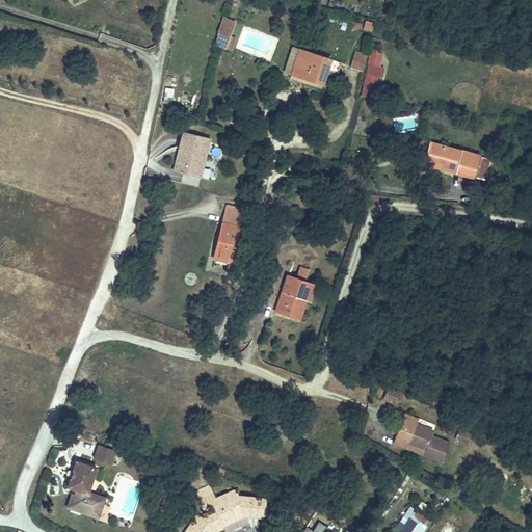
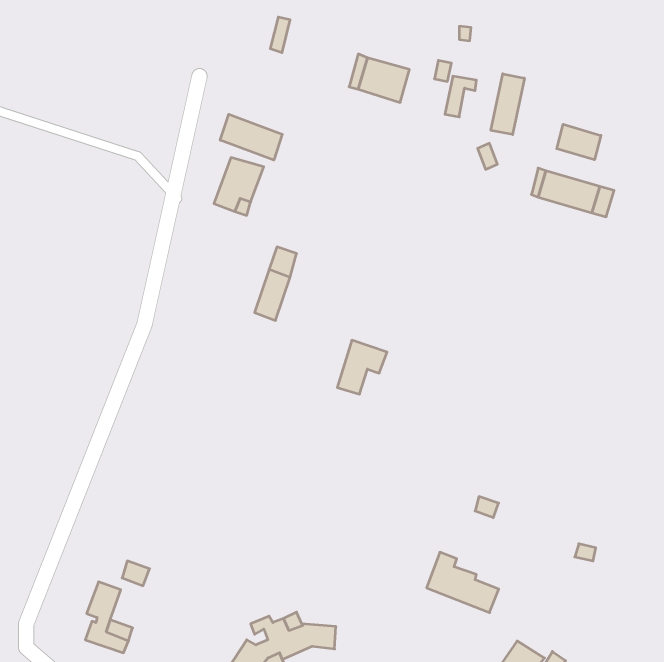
building: none -> [491,74,524,135]
building: none -> [220,114,282,160]
building: none -> [557,124,601,160]
building: [394,414,451,461] -> [427,552,499,613]

